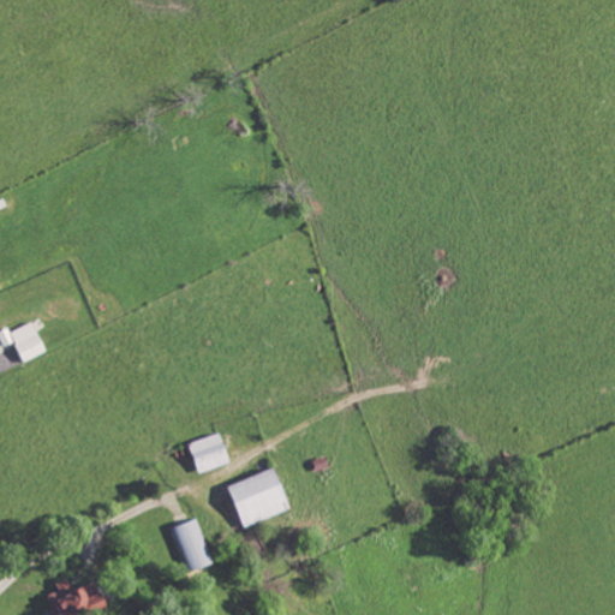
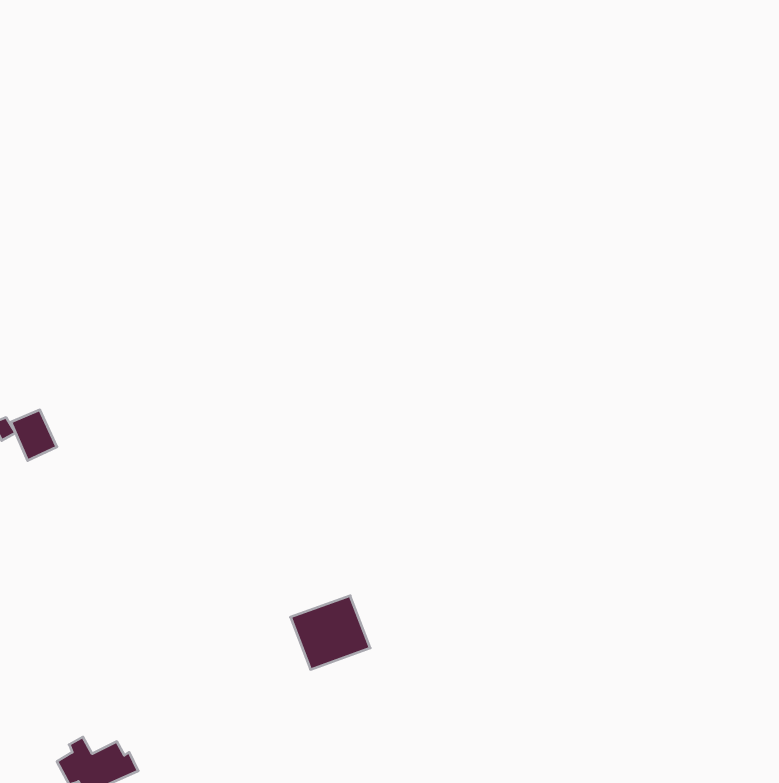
building: [189,434,228,471] -> none
building: [168,519,210,573] -> none

